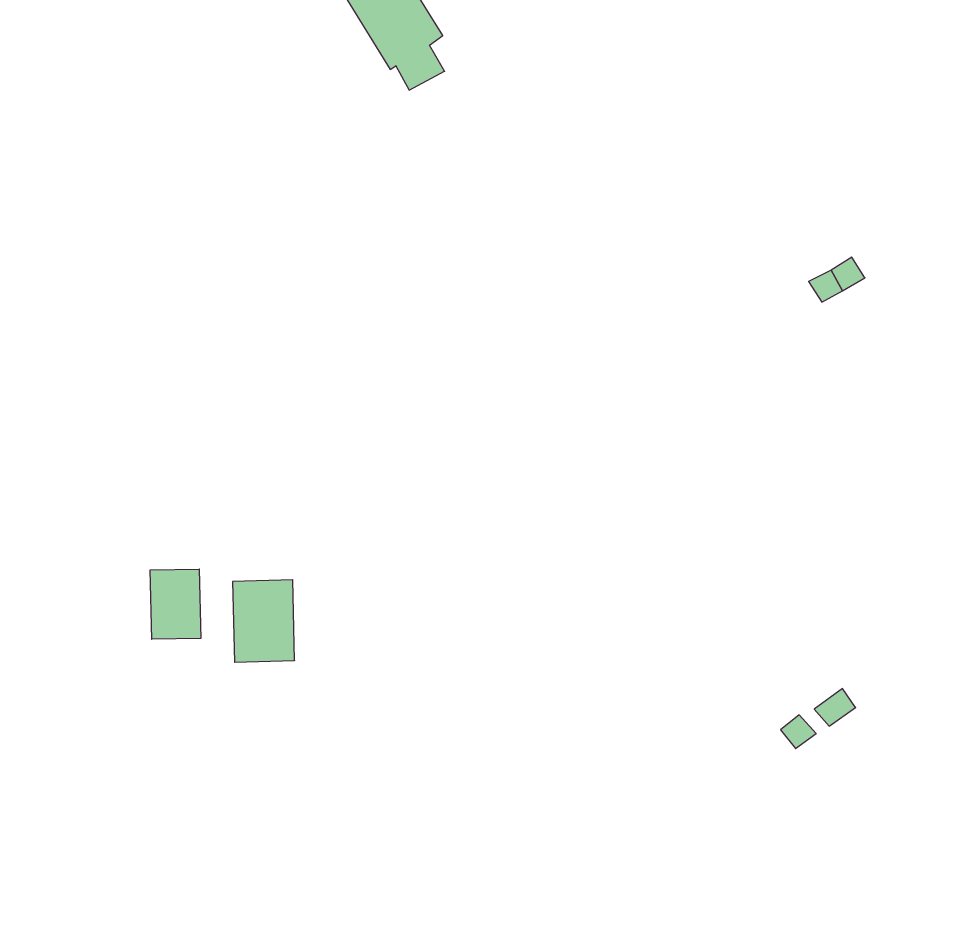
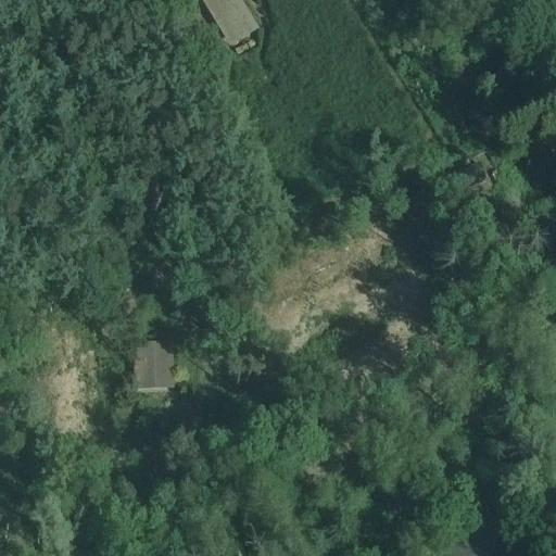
building: [150,569,201,639] -> none

